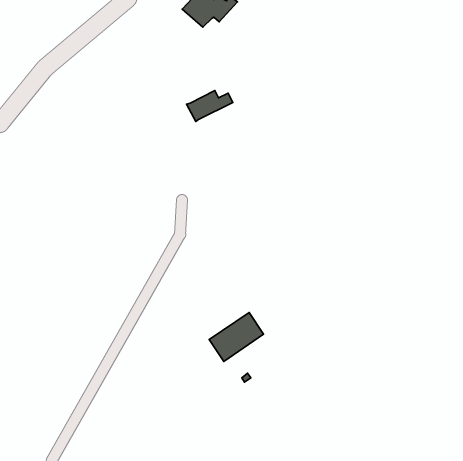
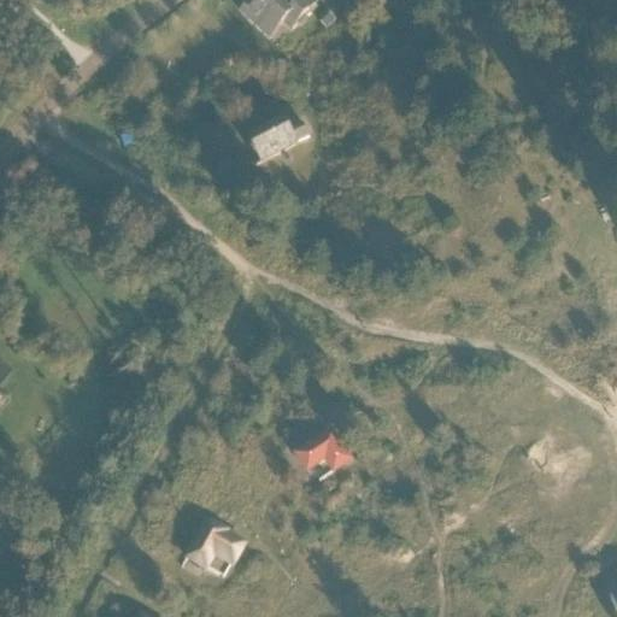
building: none -> [186,522,242,569]

